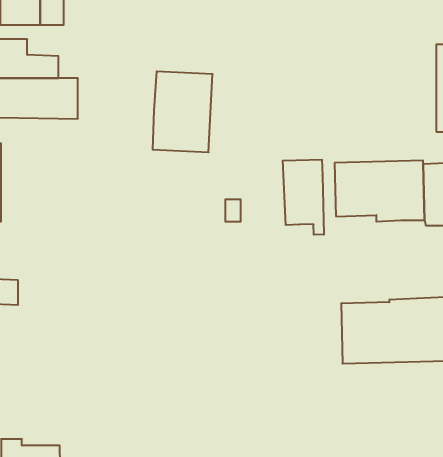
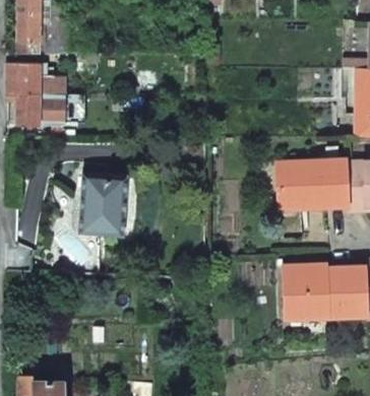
building: [153,71,213,152] -> [79,173,126,236]
building: [283,160,324,235] -> none

